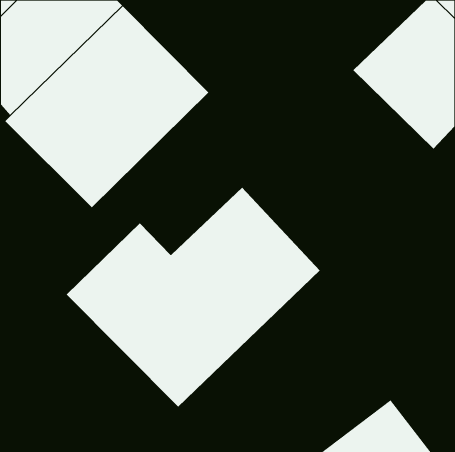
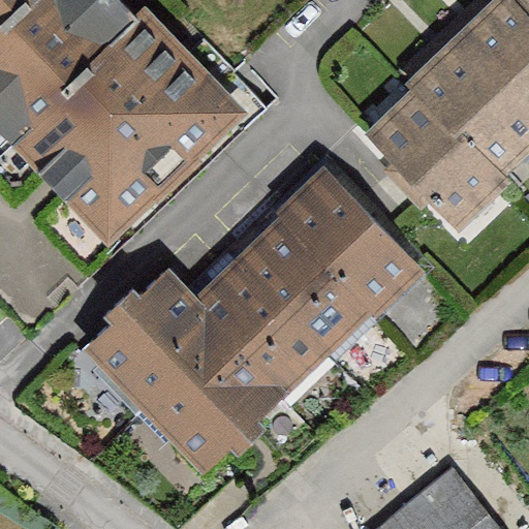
building: none -> [368,85,503,219]
building: none -> [281,170,424,317]

